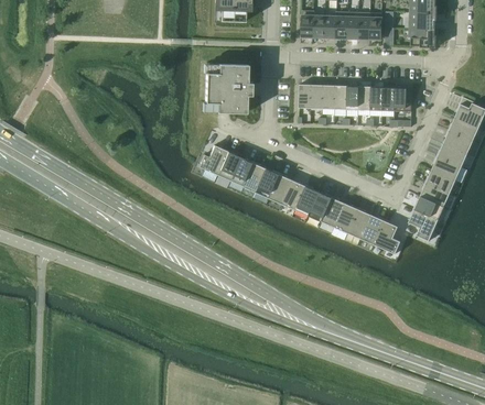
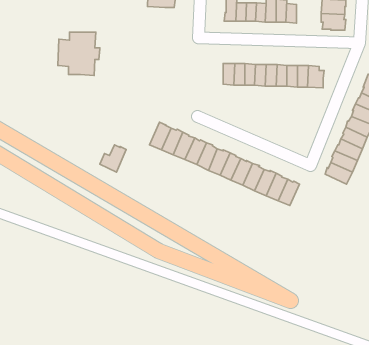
building: [205,65,252,113] -> [58,32,100,75]
building: [198,145,228,176] -> [100,145,126,172]
building: [409,209,439,241] -> none
building: [375,220,401,254] -> none

